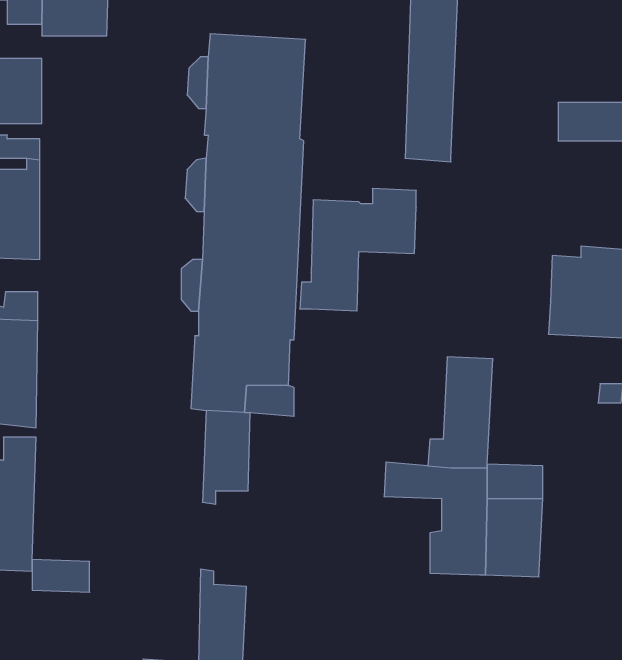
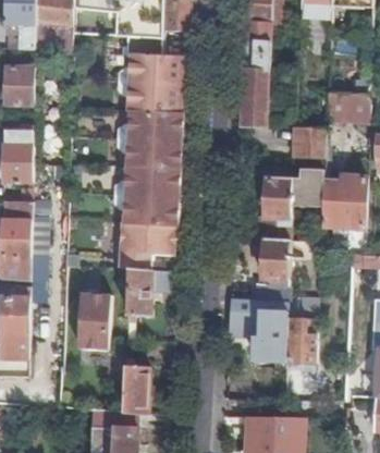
building: none -> [294,126,328,158]
building: [300,188,416,311] -> [258,169,324,238]
building: none -> [77,293,110,348]

